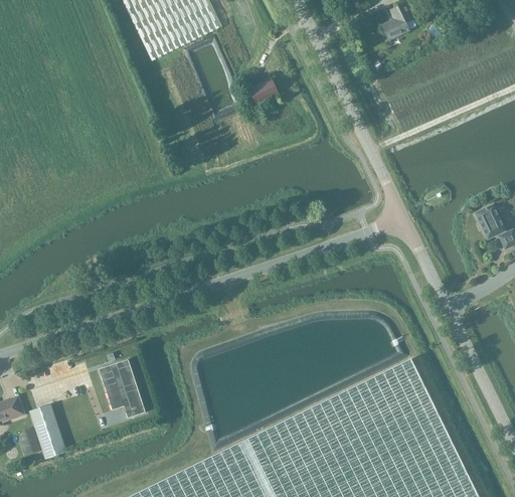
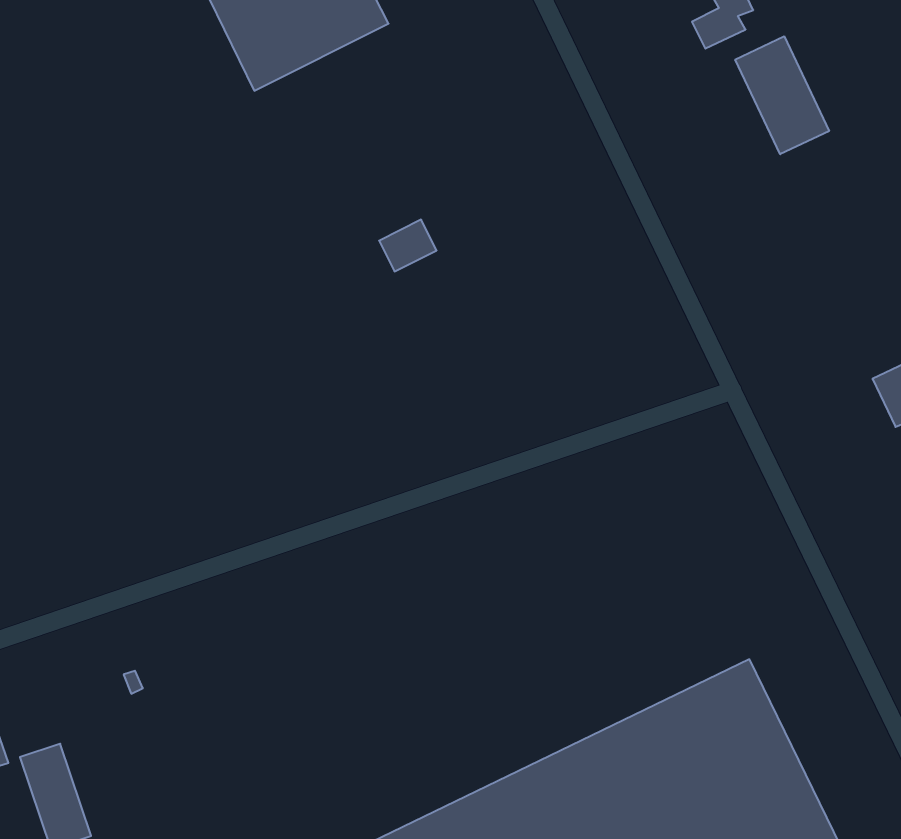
building: none -> [735,36,829,154]
building: [248,78,279,106] -> [379,220,437,271]
building: [98,359,145,418] -> none

